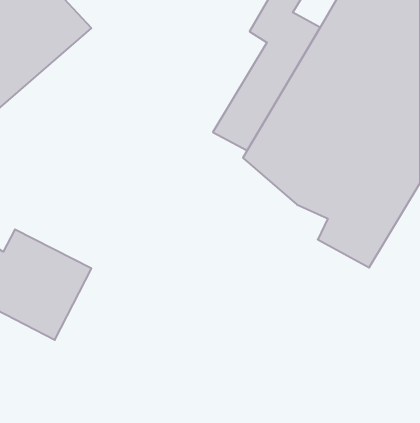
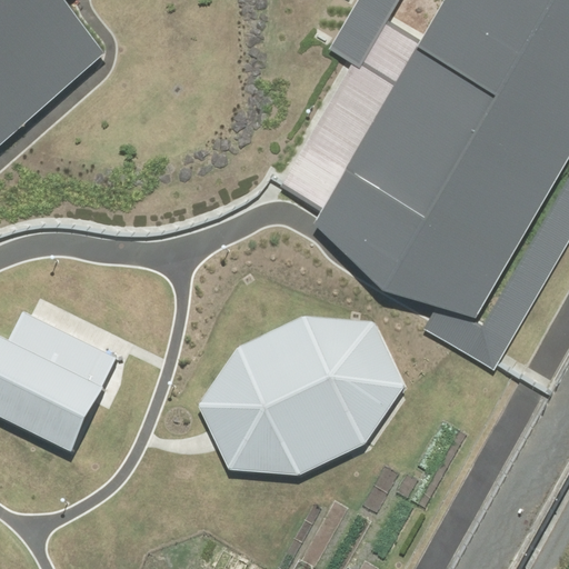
building: none -> [192,315,405,476]

